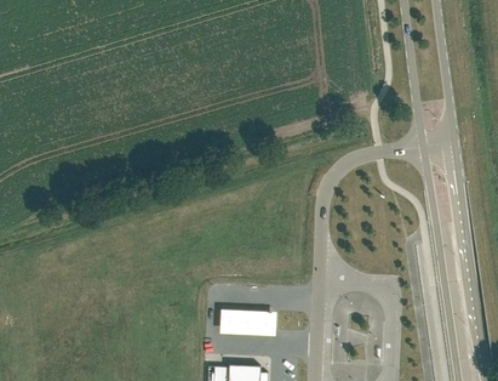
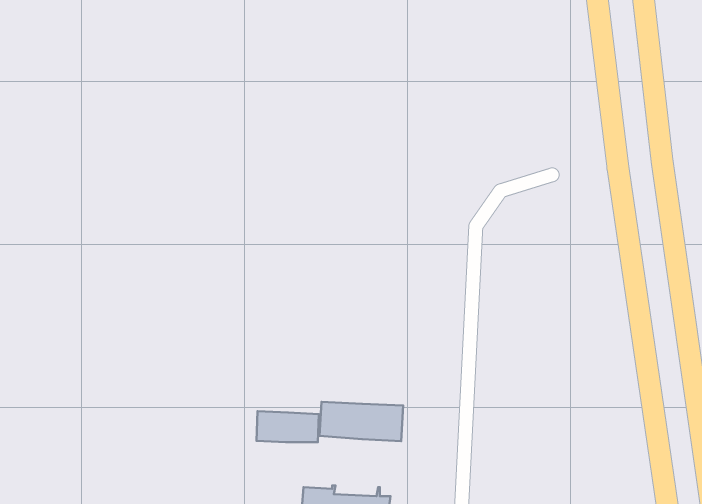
building: none -> [256,411,319,442]

